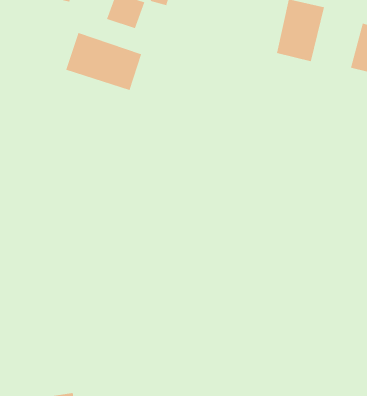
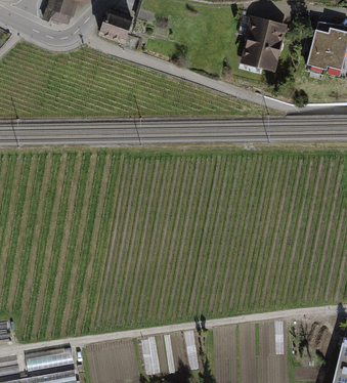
building: [66,32,142,91] -> none

